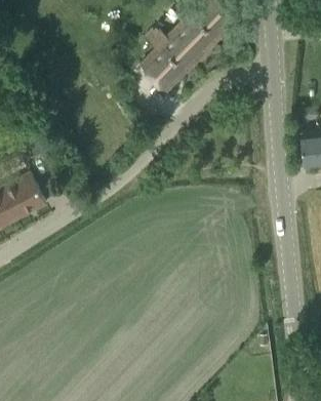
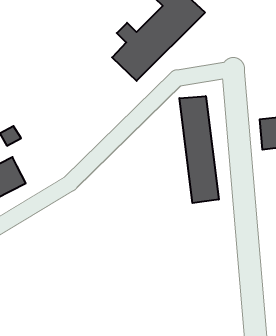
building: none -> [179,96,219,203]

